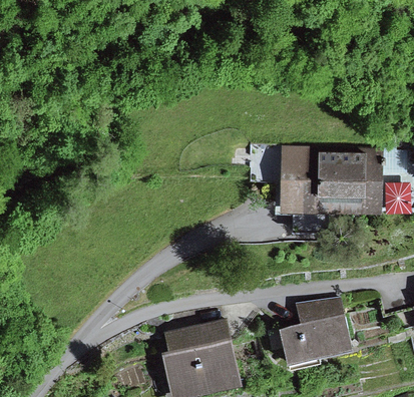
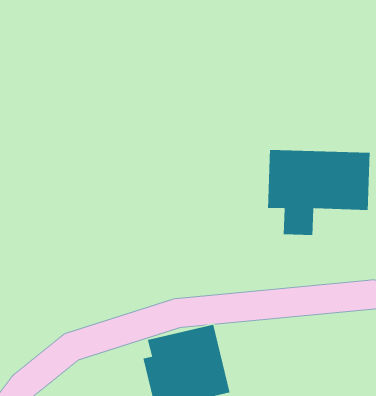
building: [280,298,351,359] -> none

